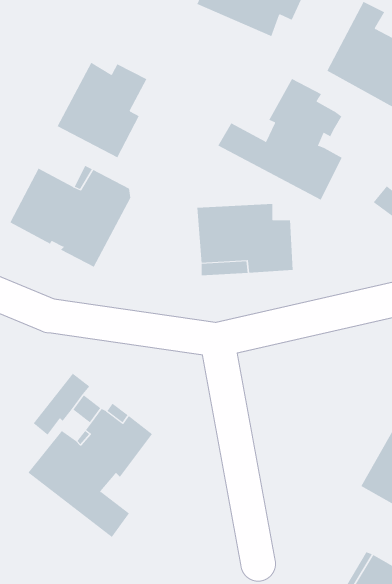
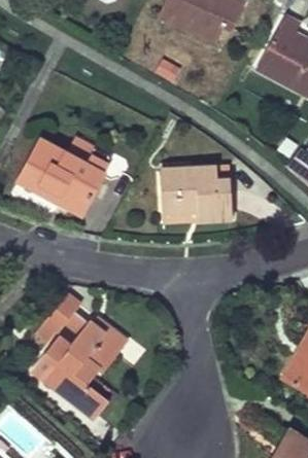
building: [57,62,147,158] -> none
building: [218,78,342,201] -> none

